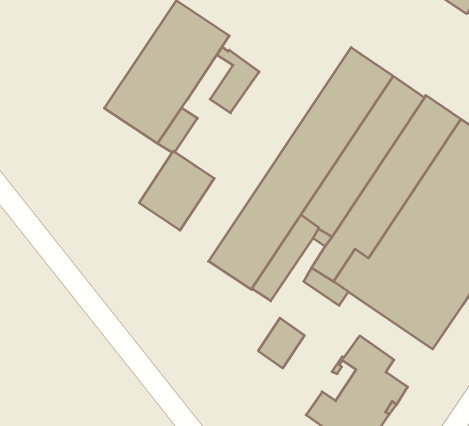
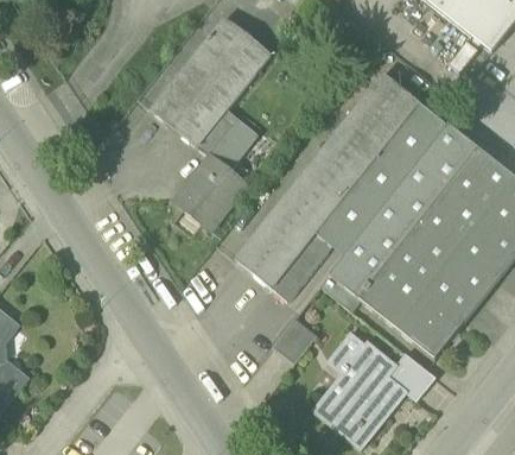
building: [210,47,259,113] -> [211,108,259,170]
building: none -> [326,331,365,398]
building: none -> [389,353,435,400]

